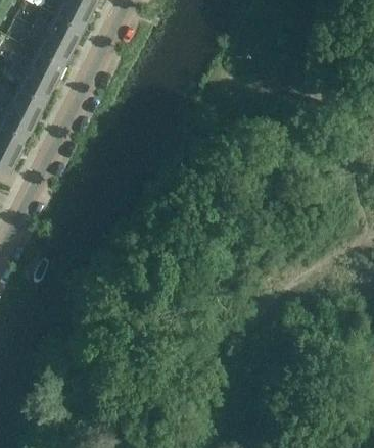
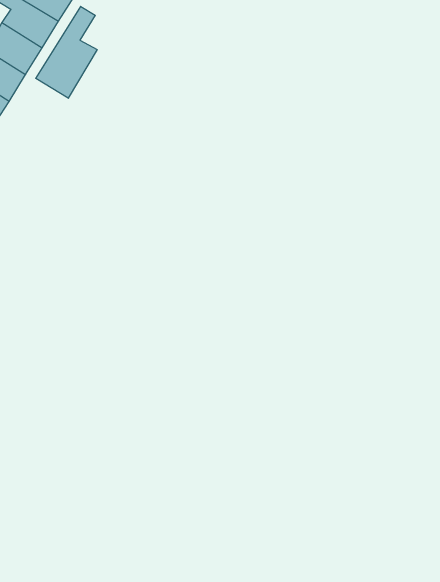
building: none -> [36,6,97,98]

